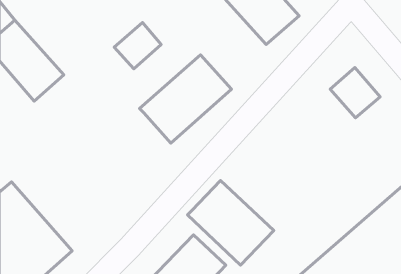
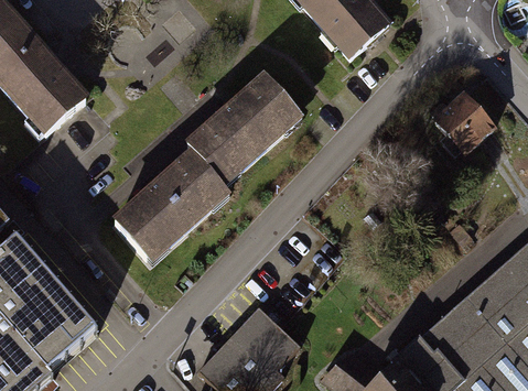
building: [114,23,161,69] -> none
building: none -> [110,148,231,264]
building: [188,180,274,265] -> none

